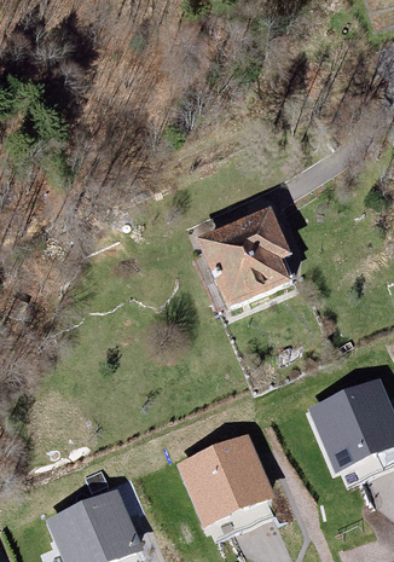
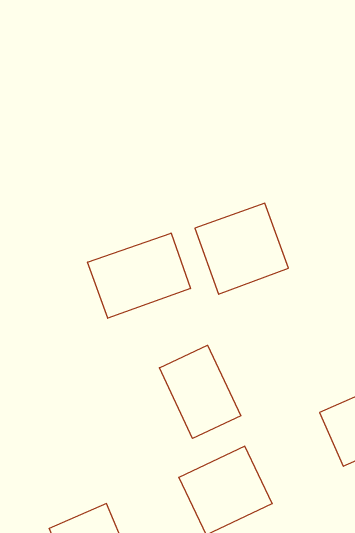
building: none -> [88,233,190,318]
building: none -> [159,345,241,438]

